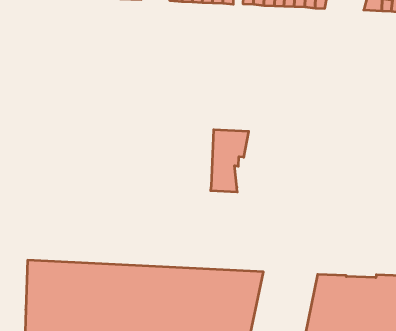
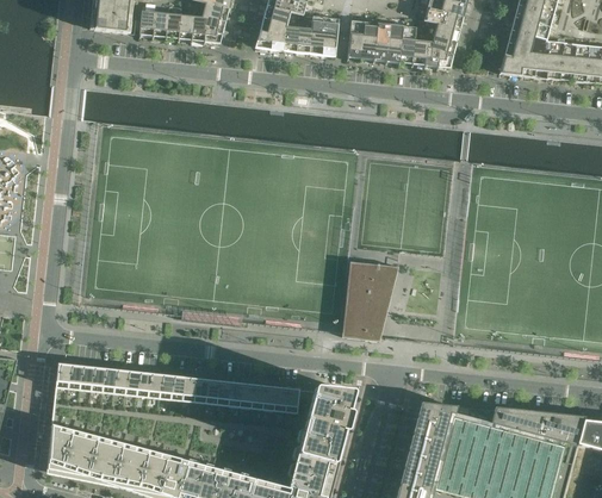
building: [211,130,249,192] -> [346,262,398,342]

